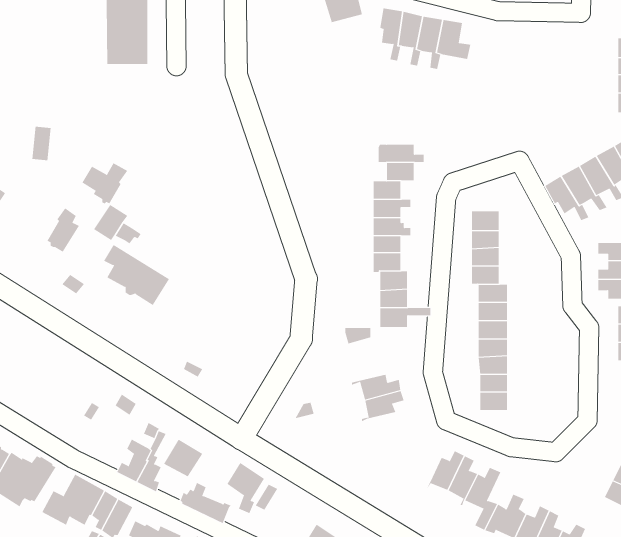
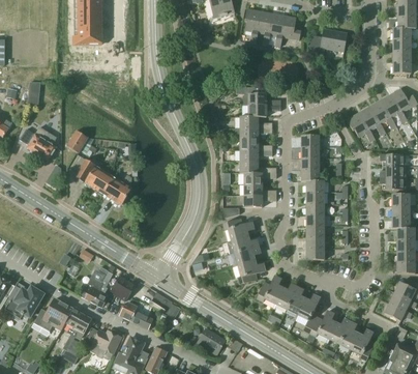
building: none -> [308,28,347,55]
building: [82,163,128,204] -> [20,126,49,152]
building: none -> [103,174,131,204]
building: none -> [222,218,253,239]
building: none -> [237,259,265,283]
building: none -> [257,275,282,303]

